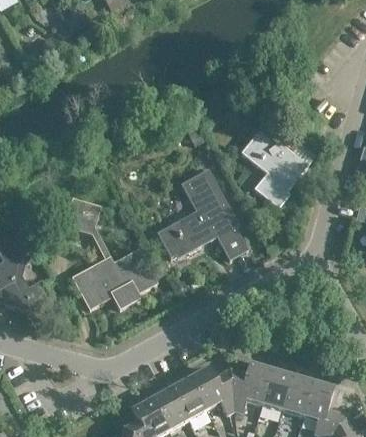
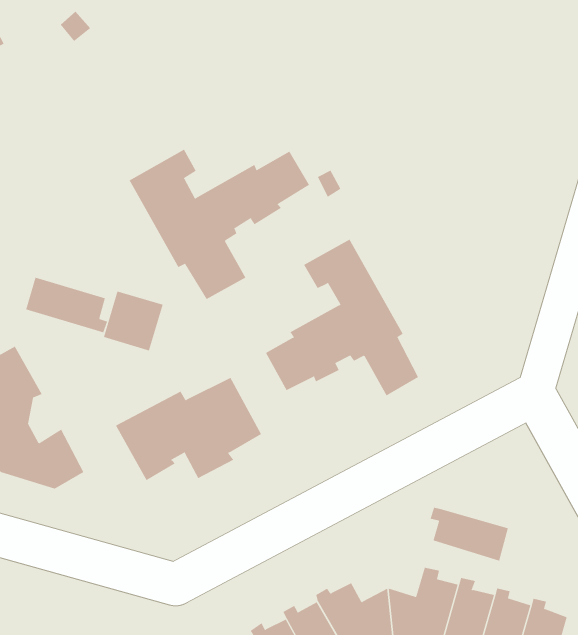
building: none -> [129,149,310,300]
building: [241,131,315,208] -> none
building: none -> [25,277,108,333]
building: none -> [430,507,509,561]

